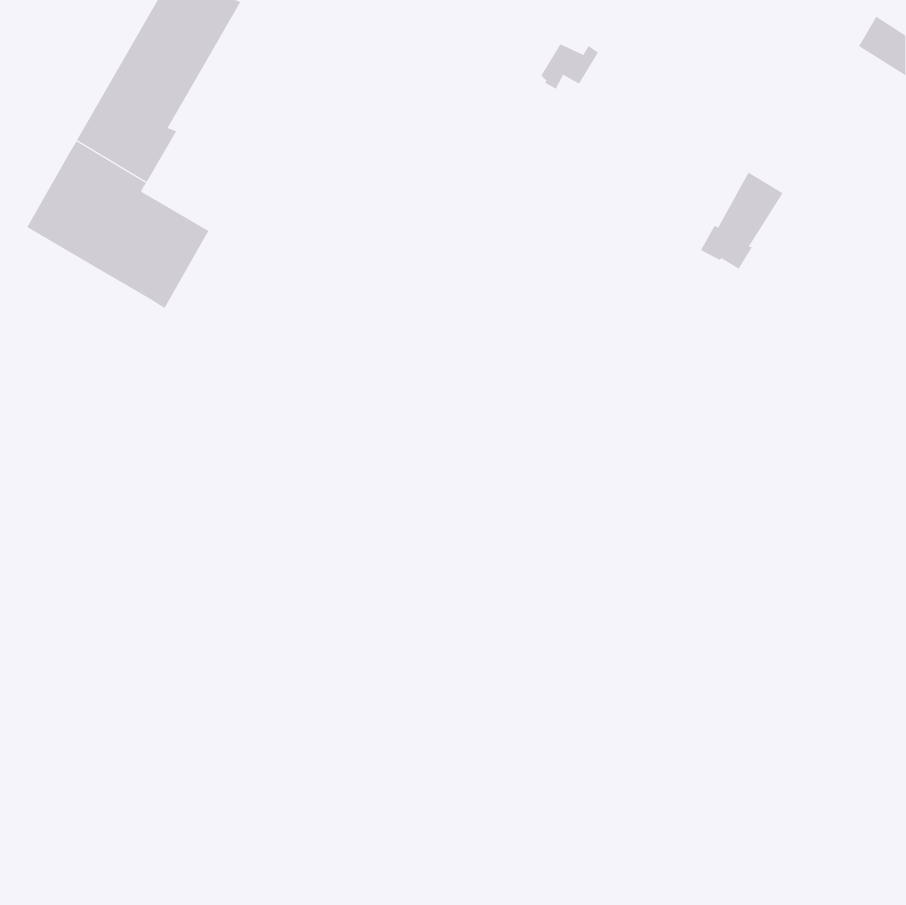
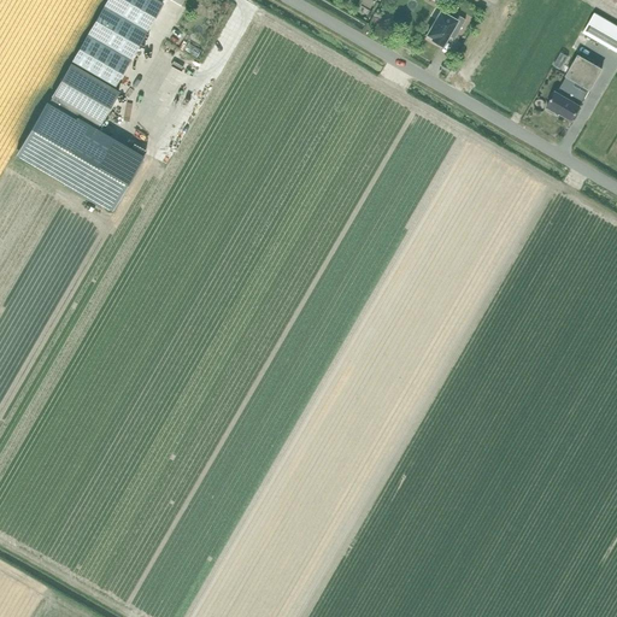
building: [540,44,599,90] -> [429,12,469,43]
building: [700,172,783,270] -> [546,53,603,119]

